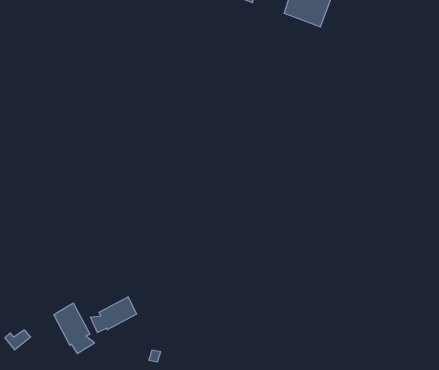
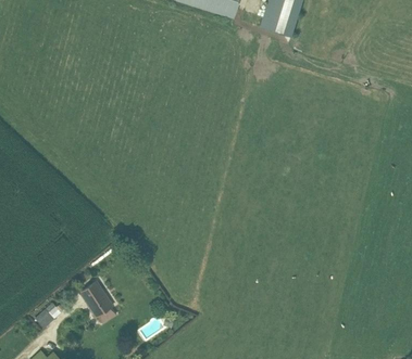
building: [90,297,136,333] -> none

